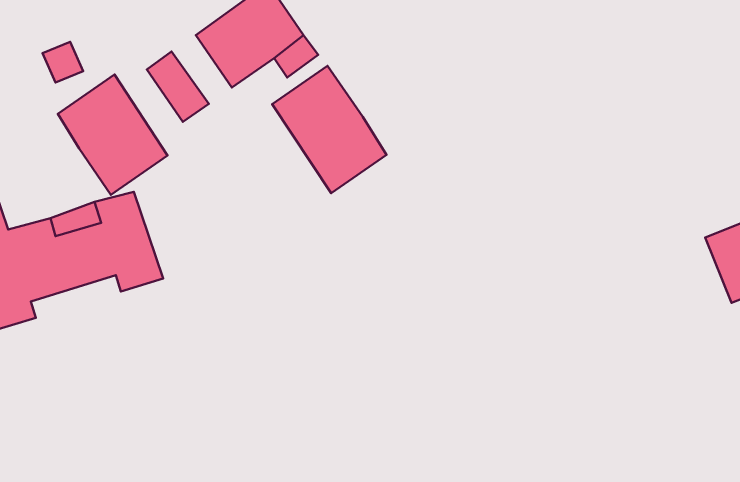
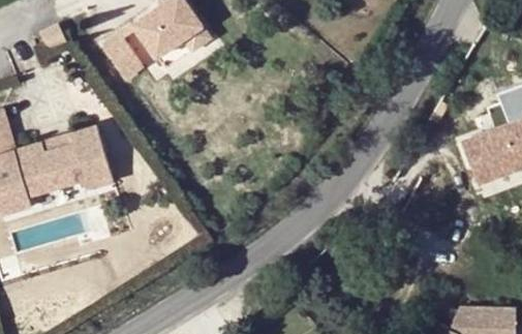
building: [272,66,386,193] -> none
building: [58,75,167,195] -> none

